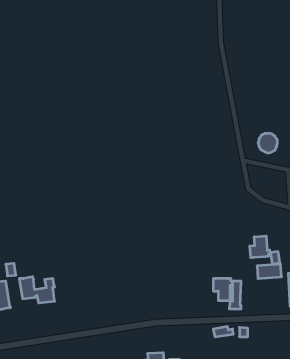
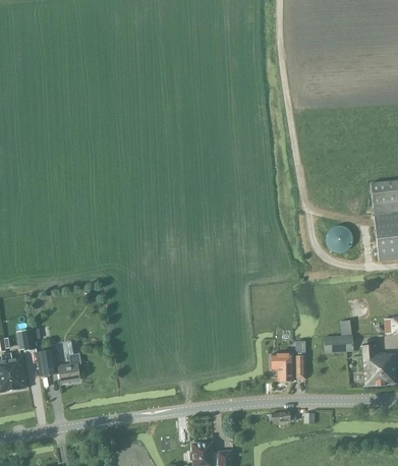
building: [258,133,277,153] -> [330,227,353,250]
building: [250,236,270,258] -> none

